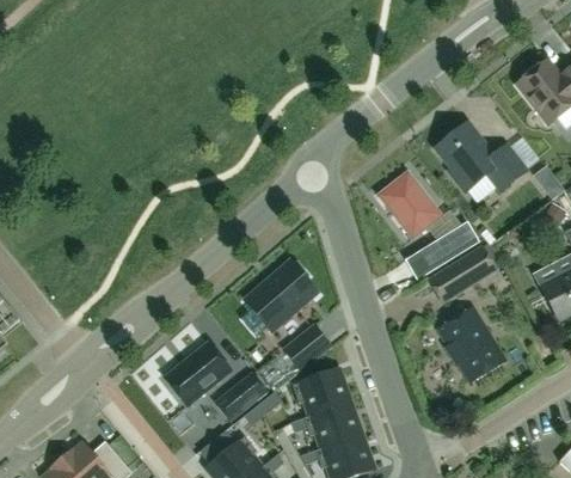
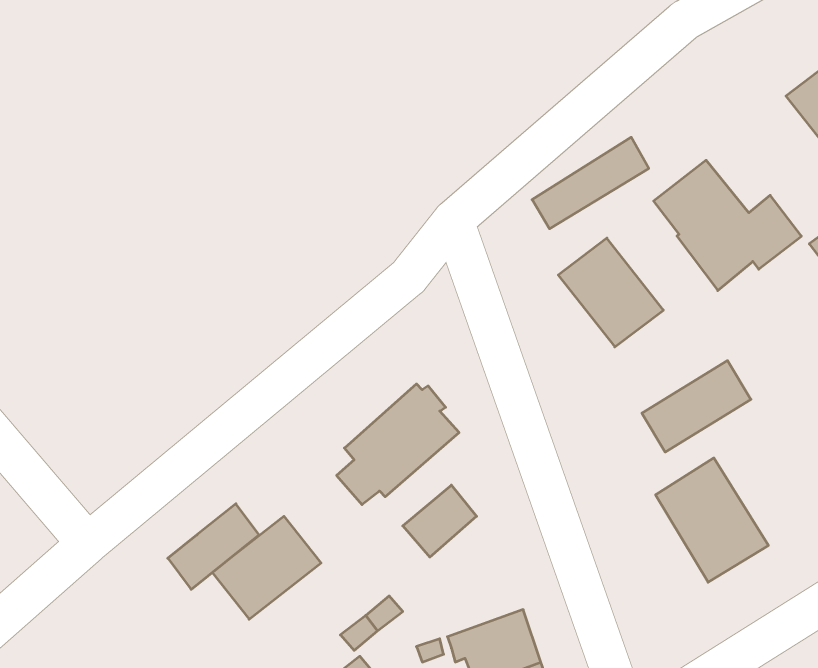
building: [405,221,477,277] -> [532,137,649,229]
building: [296,366,355,416] -> none
building: [210,372,266,424] -> [168,504,259,589]

